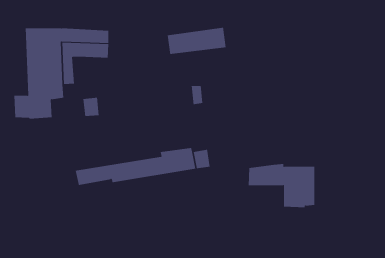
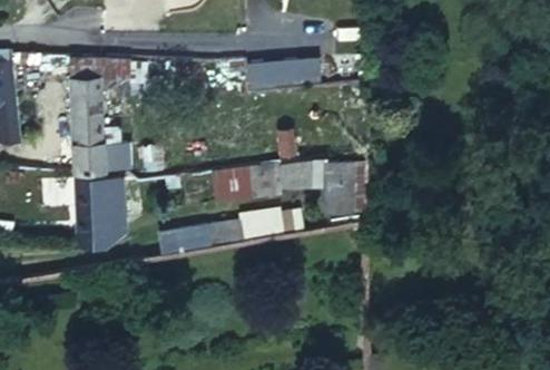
building: none -> [210,164,275,201]
building: none -> [75,177,126,246]
building: [248,164,315,208] -> [281,158,365,214]

